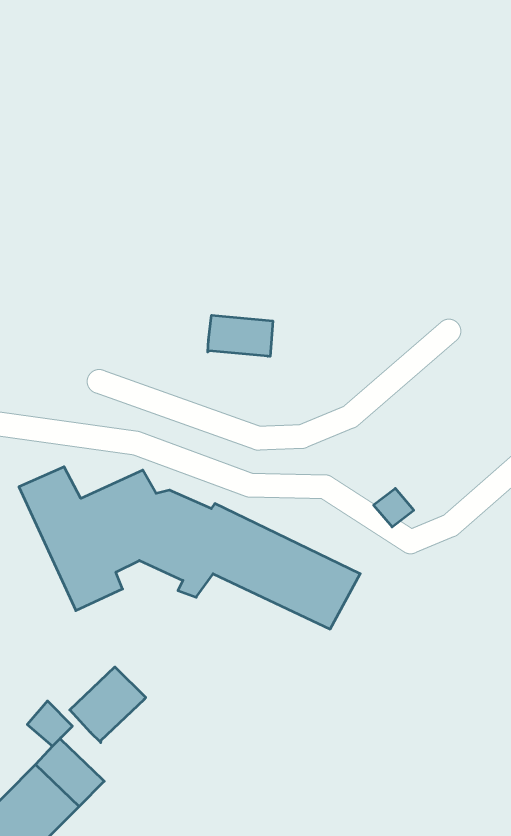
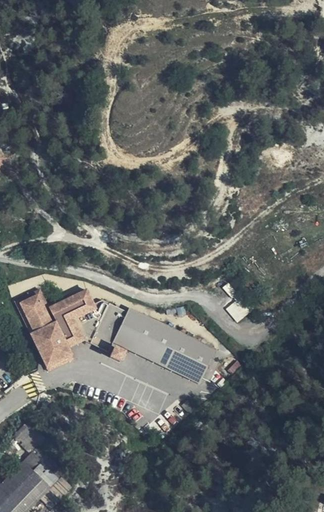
building: [208,315,273,356] -> none
building: [70,667,146,743] -> none

